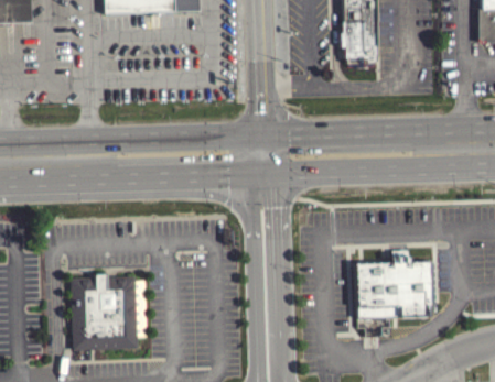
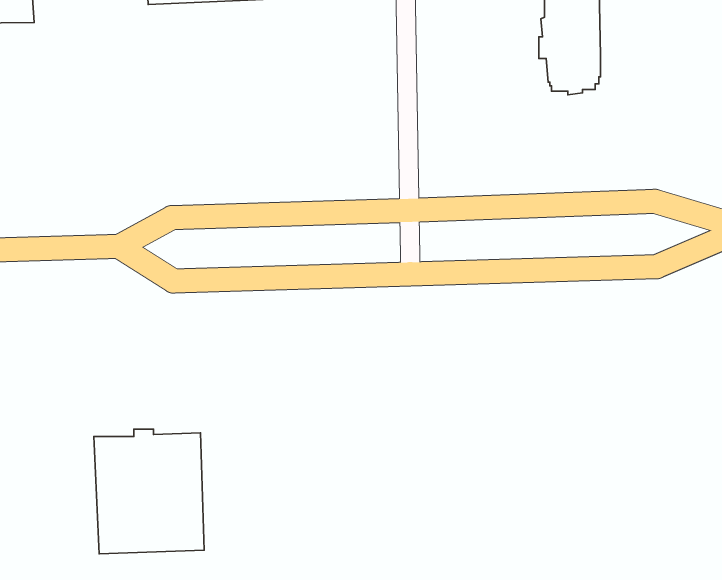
building: [356,254,434,316] -> none

